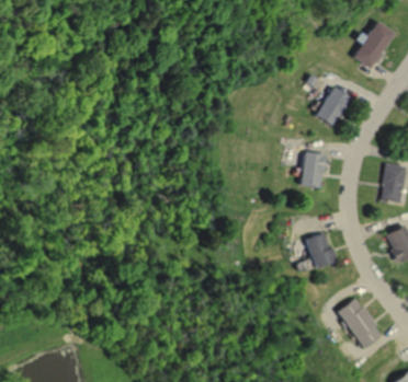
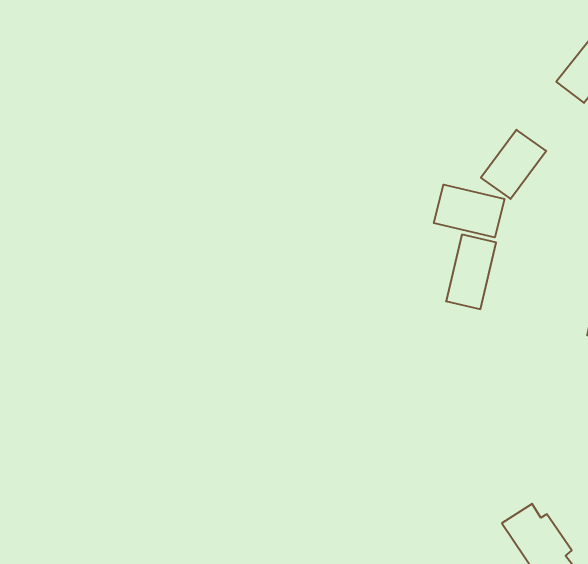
building: none -> [434,185,504,237]
building: [306,232,338,267] -> none

